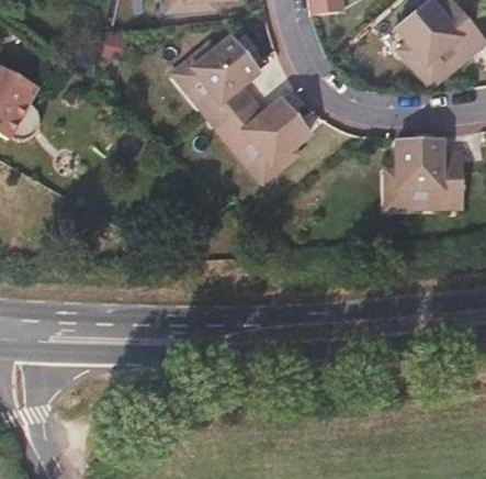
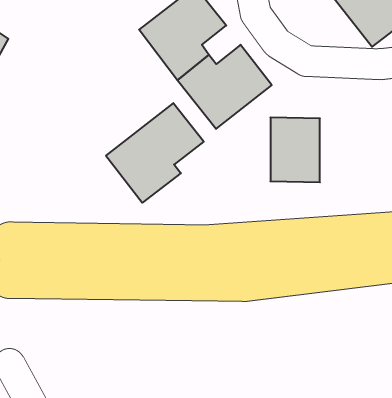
building: [388,136,442,207] -> [270,117,320,182]
building: none -> [106,103,204,203]

